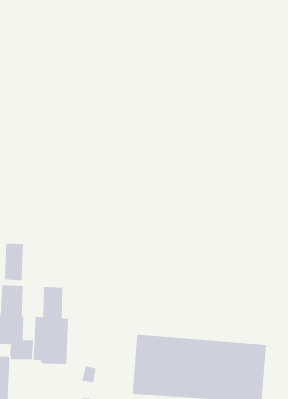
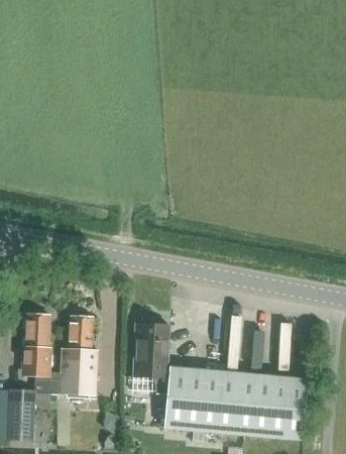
building: [5,243,23,281] -> none
building: none -> [131,322,167,394]

